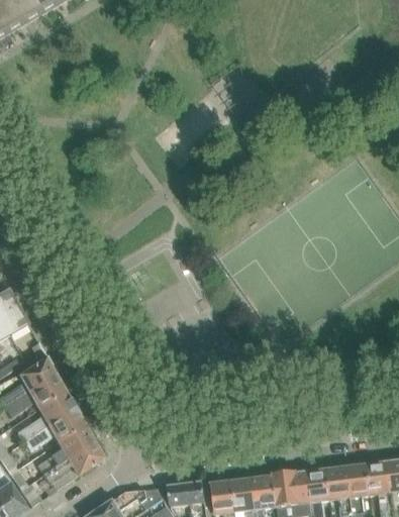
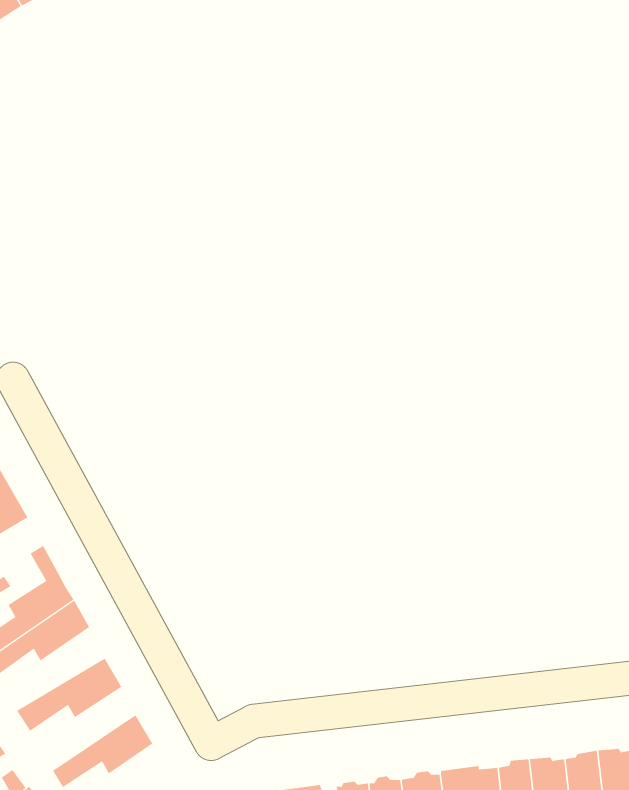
building: [19,389,76,438] -> none
building: [38,424,94,474] -> none

